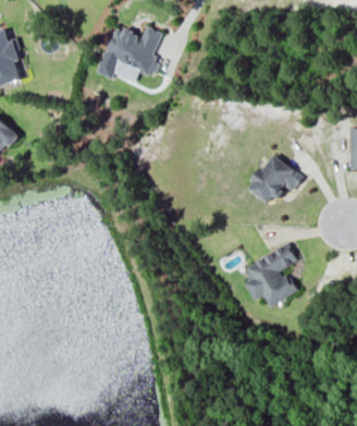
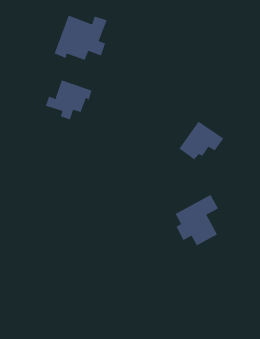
building: none -> [45,80,92,120]

